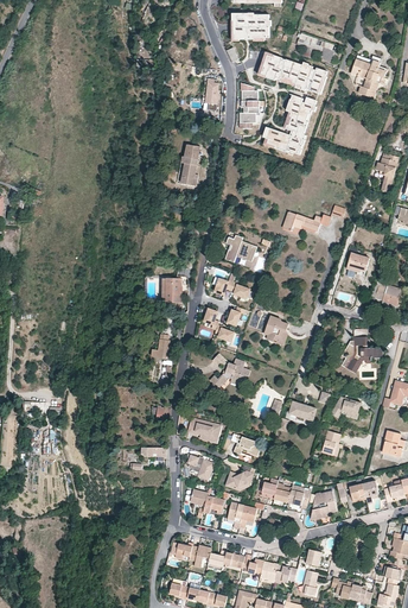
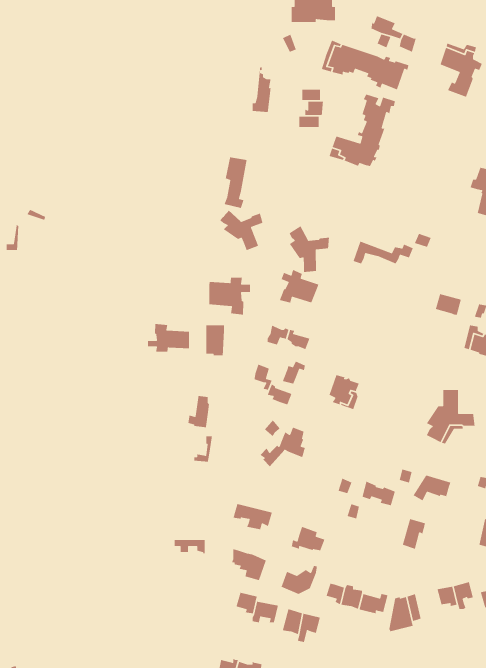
building: none -> [219,210,263,251]
building: none -> [289,225,330,273]
building: none -> [209,277,251,316]
building: none -> [147,323,190,352]

